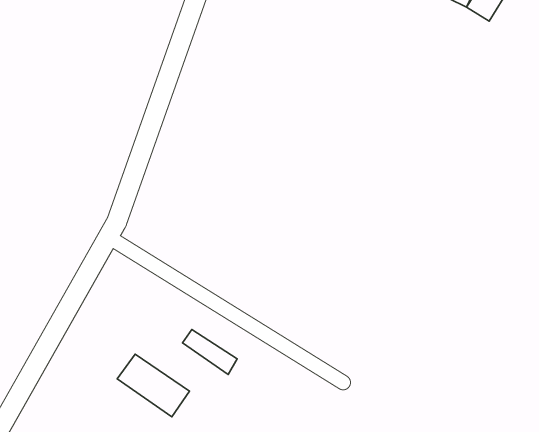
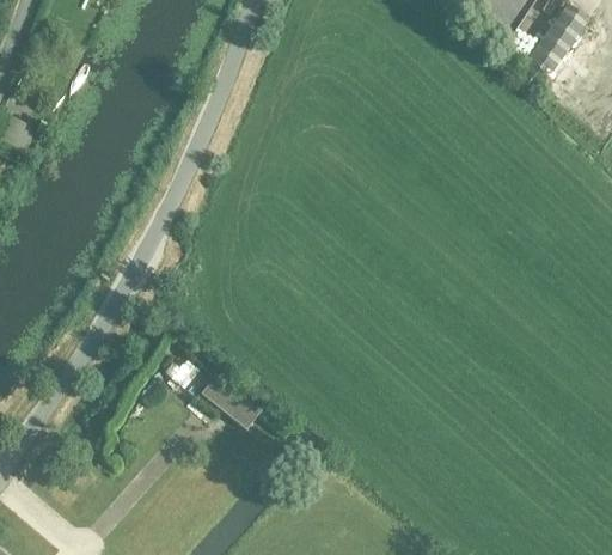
building: [117,354,190,417] -> none

